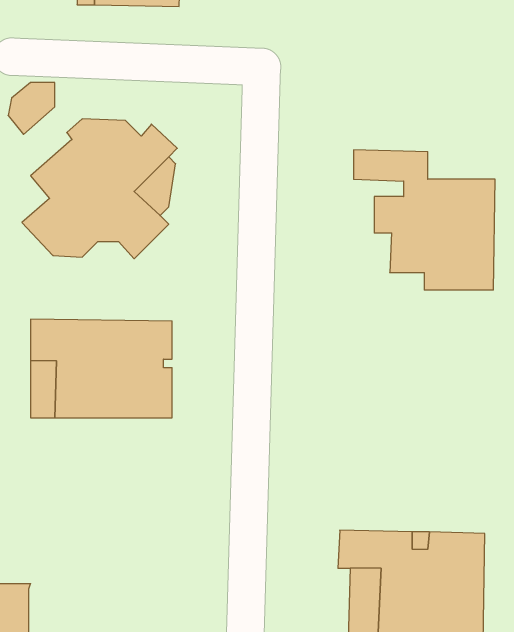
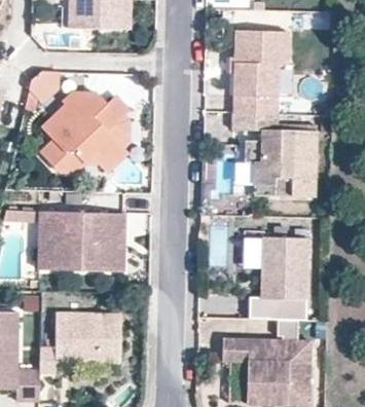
building: none -> [232,29,287,112]
building: none -> [261,235,307,319]
building: none -> [39,312,121,372]

